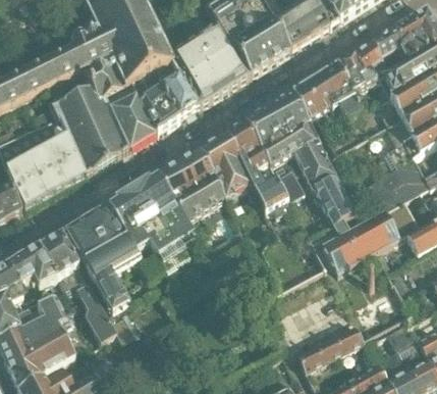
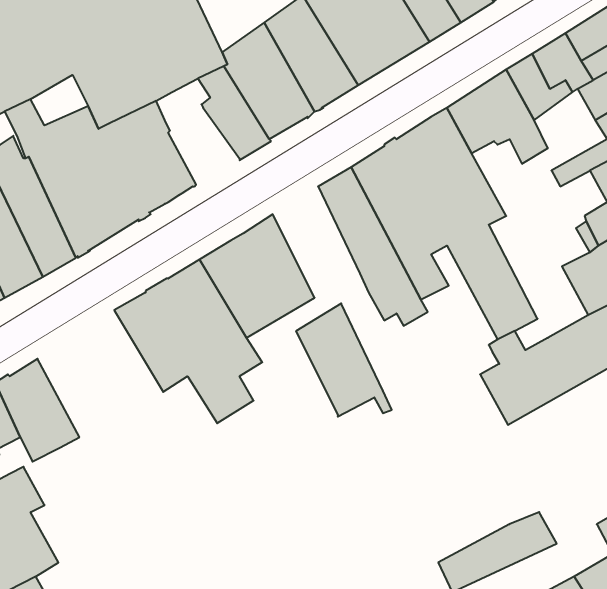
building: [131,78,180,132] -> none
building: [200,133,256,199] -> [296,303,392,417]
building: [65,205,141,339] -> none
building: [75,280,116,339] -> none

